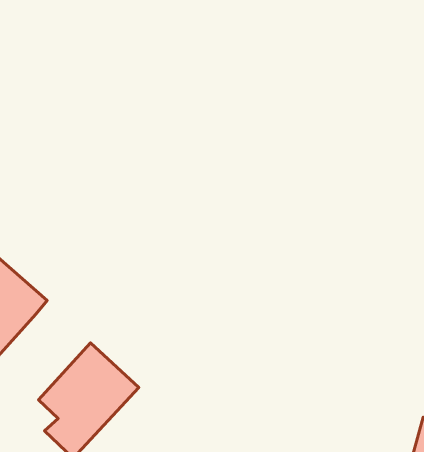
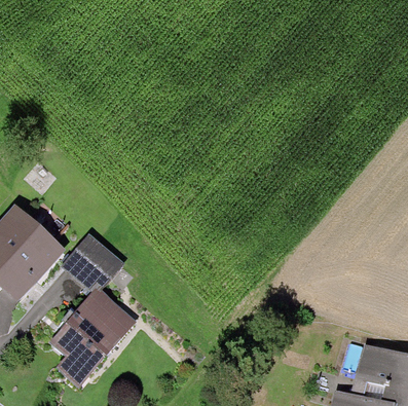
building: none -> [65,234,117,287]

